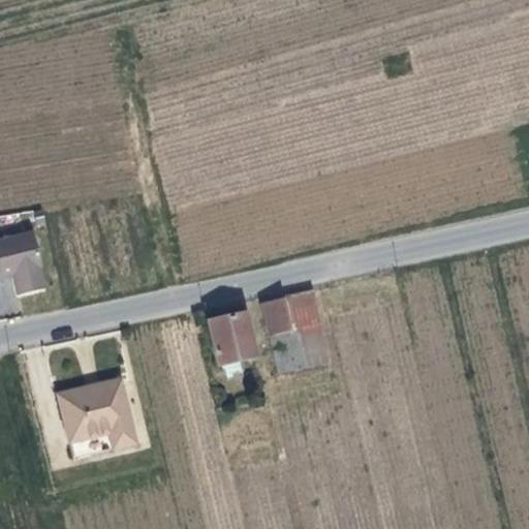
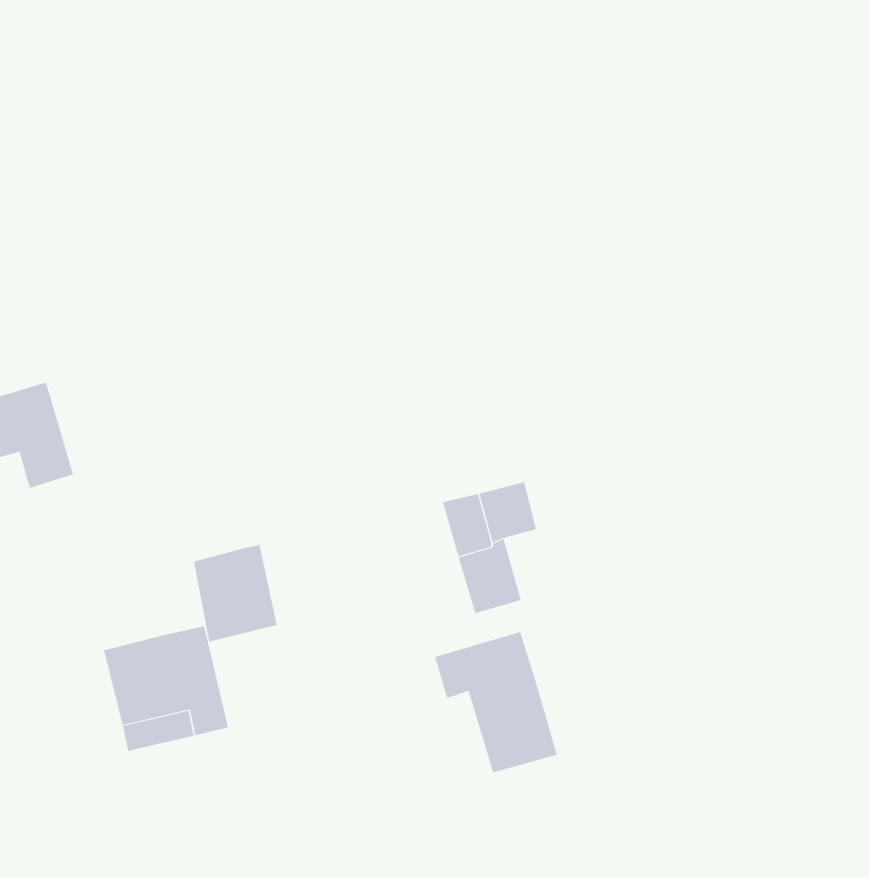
building: [197,309,248,368] -> [193,544,277,642]
building: none -> [435,631,557,773]

